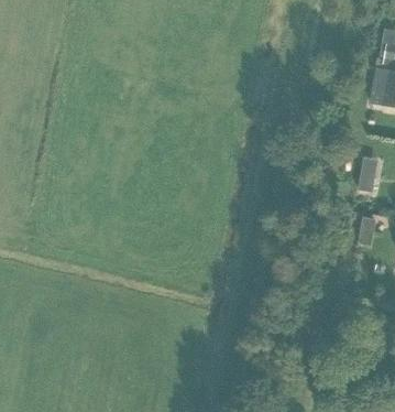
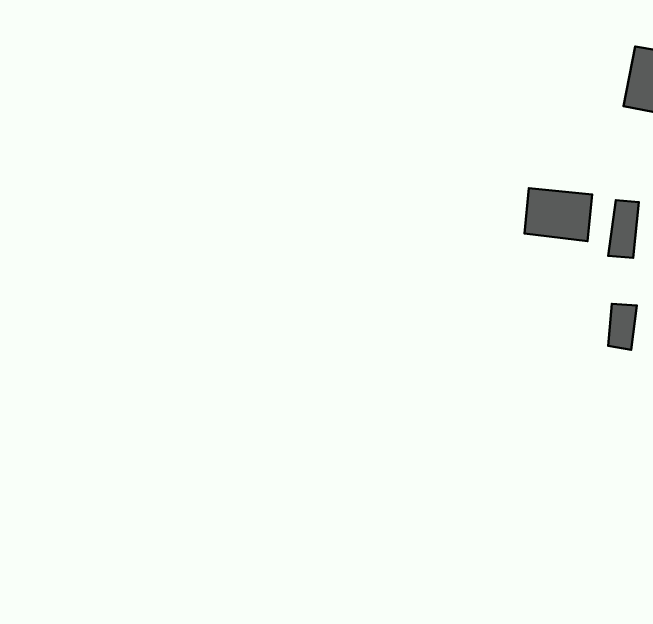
building: none -> [525,188,592,241]

